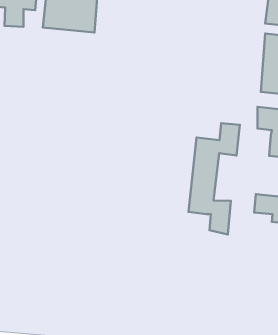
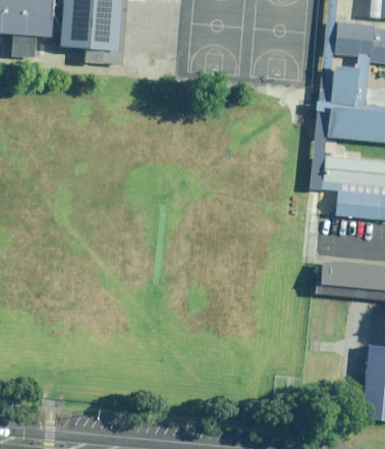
building: [189,123,240,234] -> none

